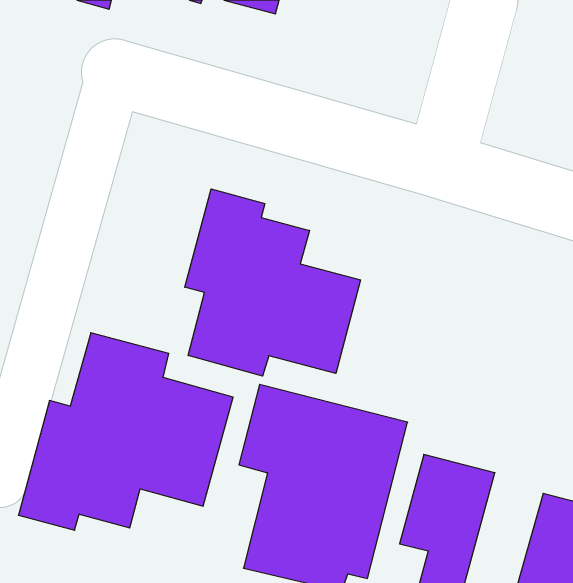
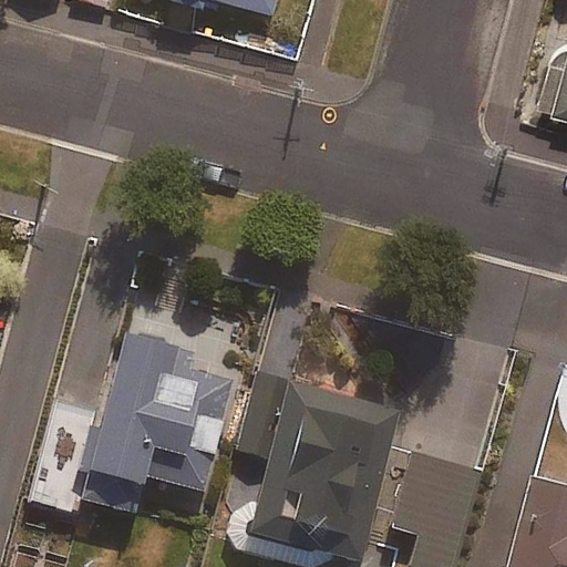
building: [185,189,361,376] -> none

